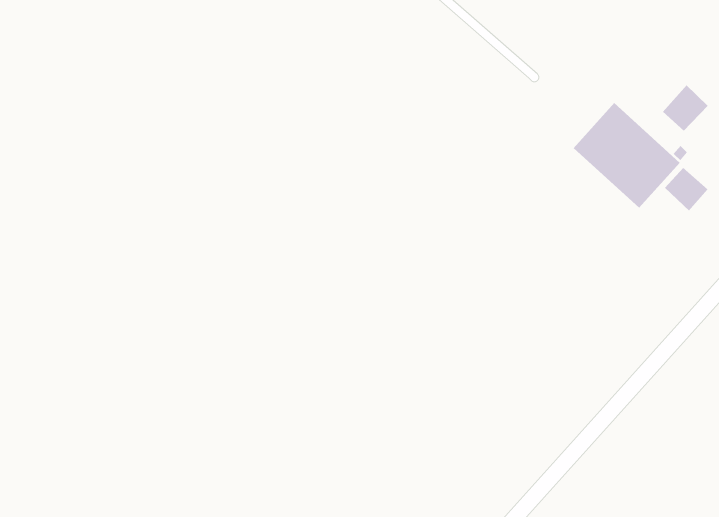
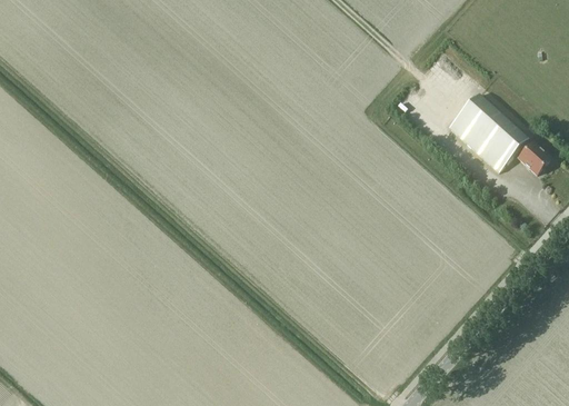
building: [662,85,708,132] -> none

